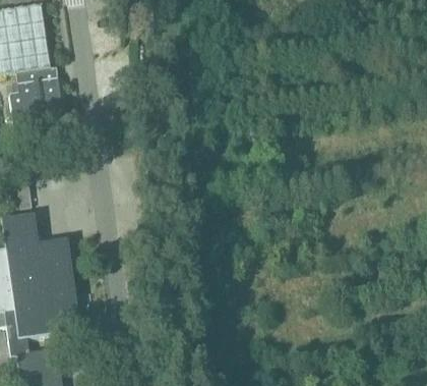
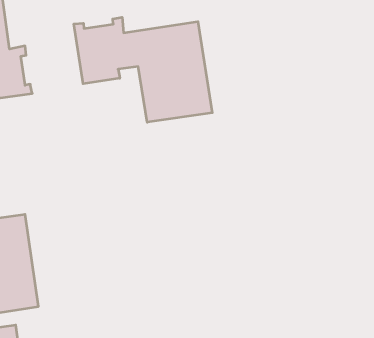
building: none -> [74,17,212,122]

